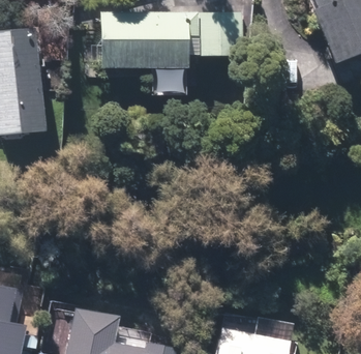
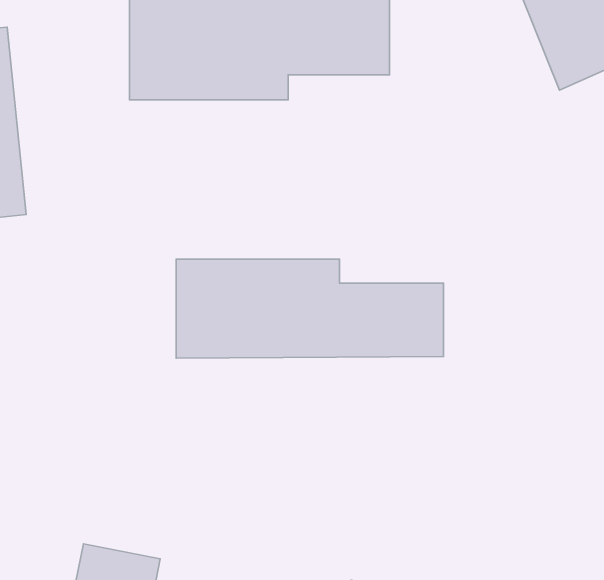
building: none -> [176,259,443,358]

